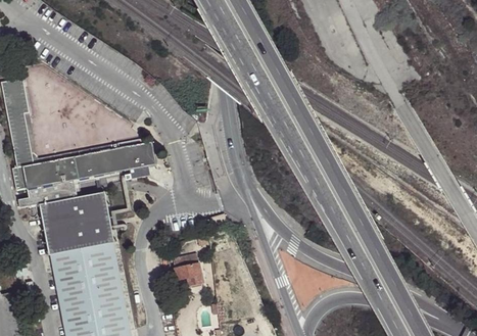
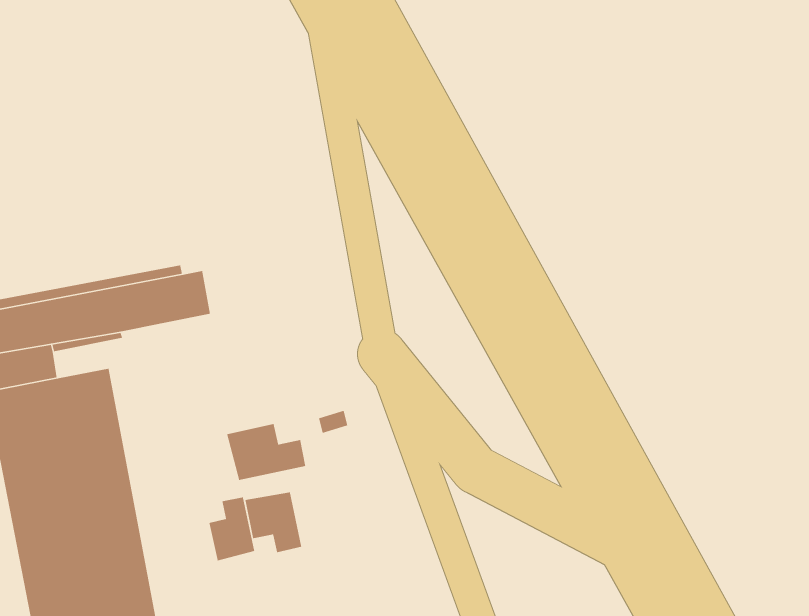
building: none -> [226,423,306,481]
building: none -> [208,497,255,561]

